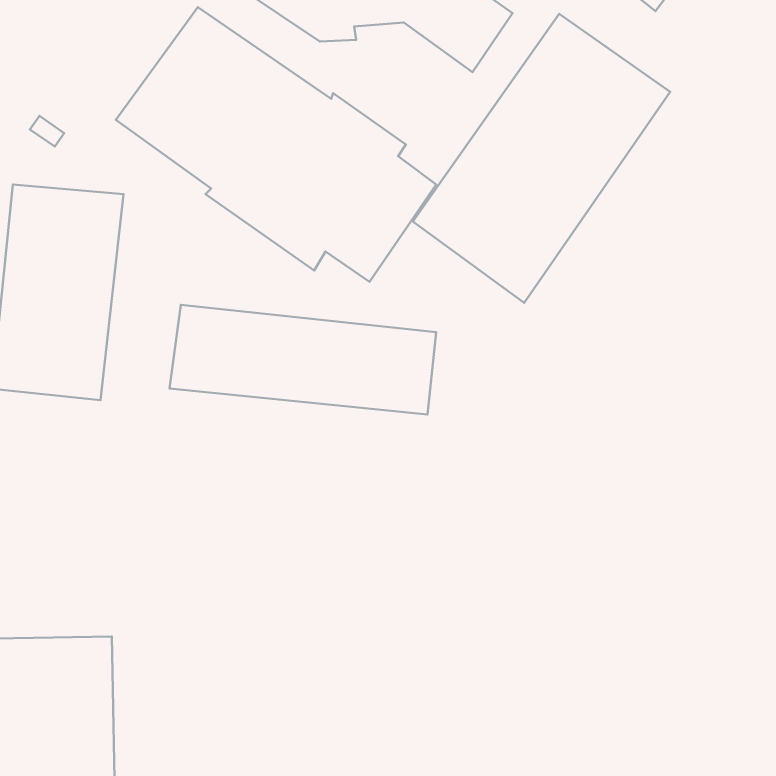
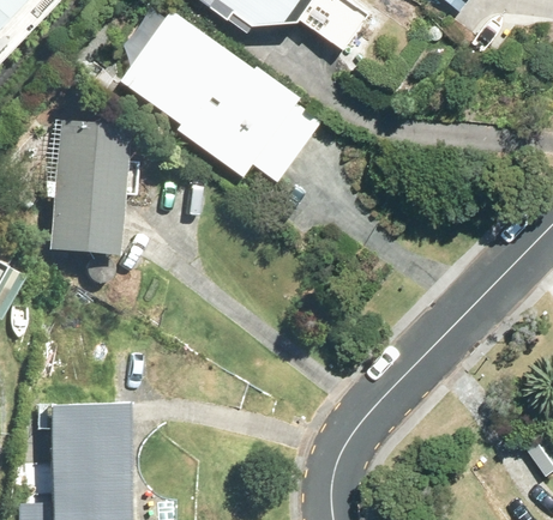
building: [413,14,670,303] -> none
building: [170,305,436,415] -> none

